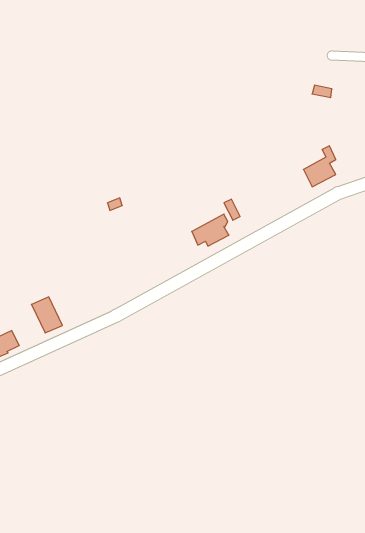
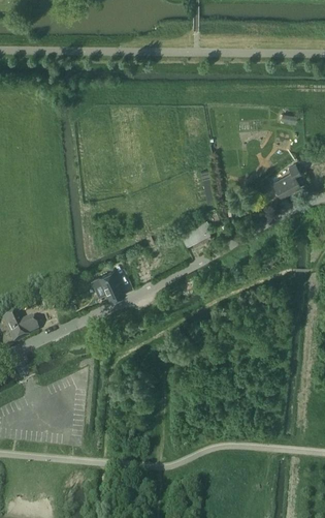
building: [31,297,62,333] -> [98,272,124,302]

